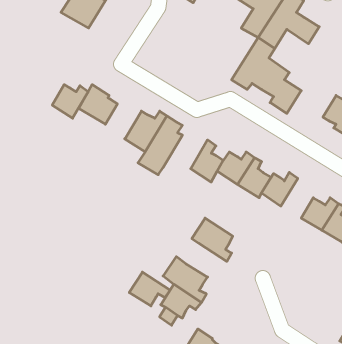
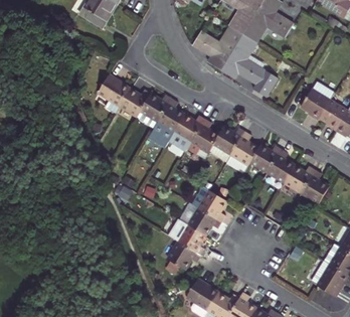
building: none -> [194,25,245,68]
building: [52,85,88,118] -> [118,89,148,117]
building: none -> [166,115,203,152]
building: none -> [265,151,292,184]
building: [129,272,170,306] -> [185,205,219,233]

